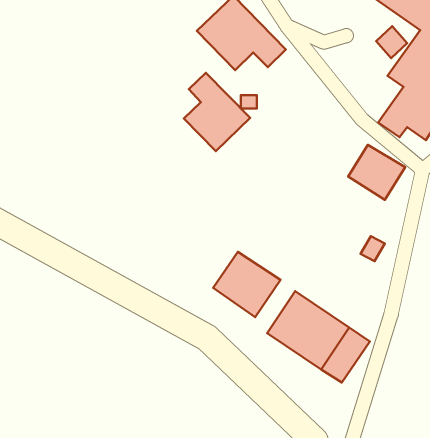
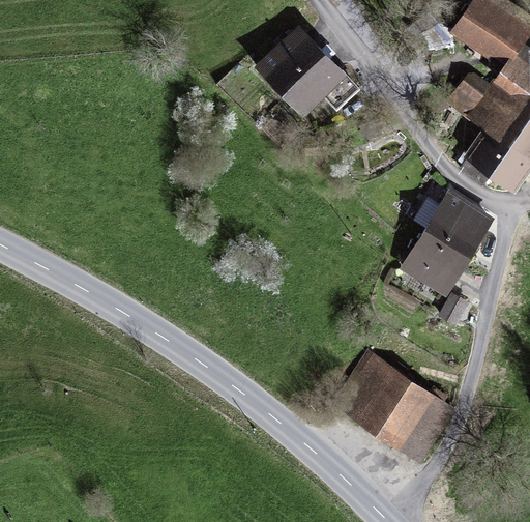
building: [184,73,250,151] -> none
building: none -> [407,229,467,292]
building: [213,252,280,317] -> none

